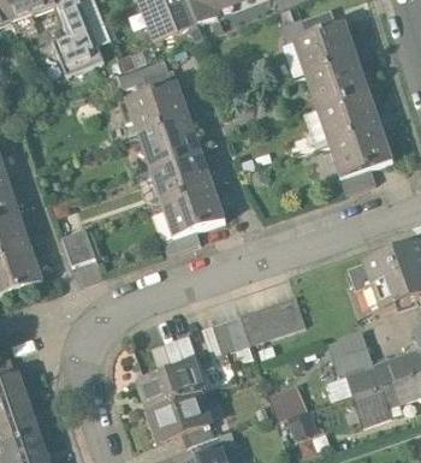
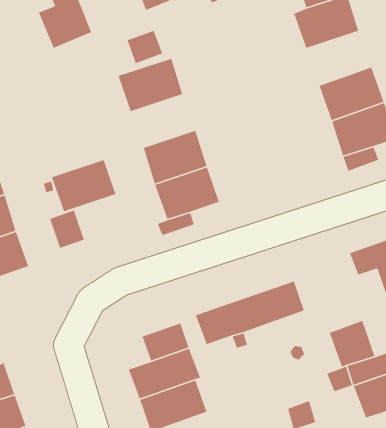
building: [306,59,368,111] -> none
building: [138,119,201,170] -> [51,159,117,212]
building: [268,384,307,420] -> none

